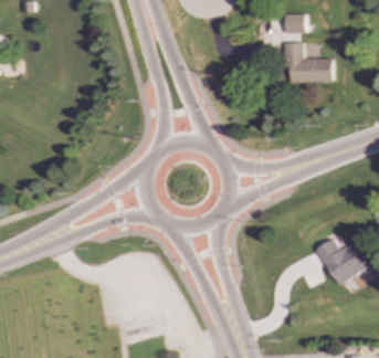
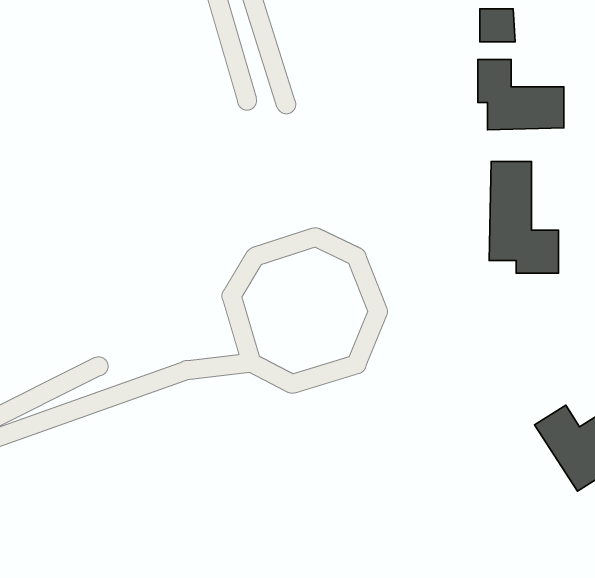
building: none -> [489,162,558,273]

